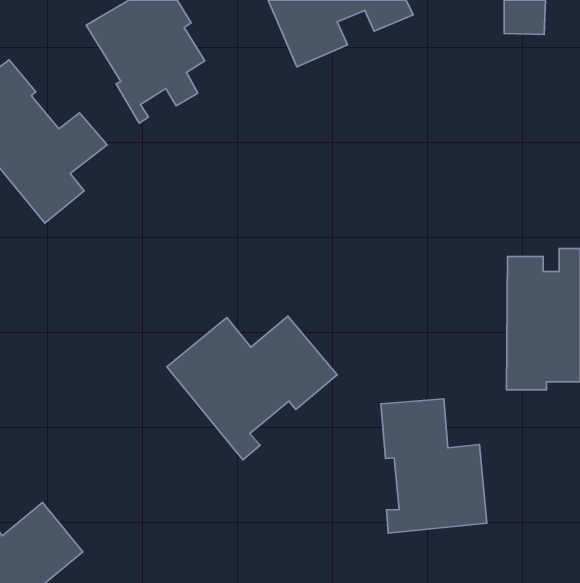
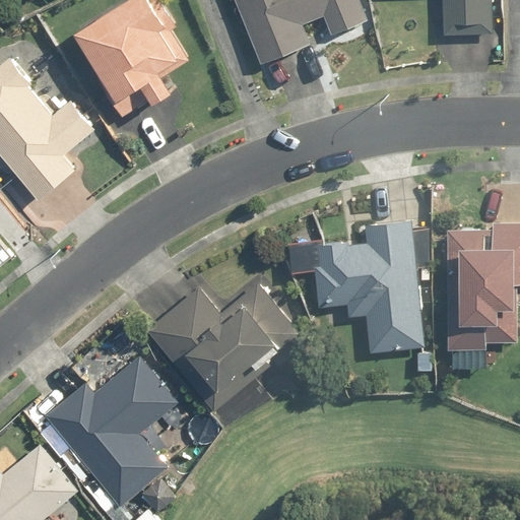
building: none -> [317,213,425,351]
building: [381,399,487,533] -> none
building: none -> [43,359,176,513]

